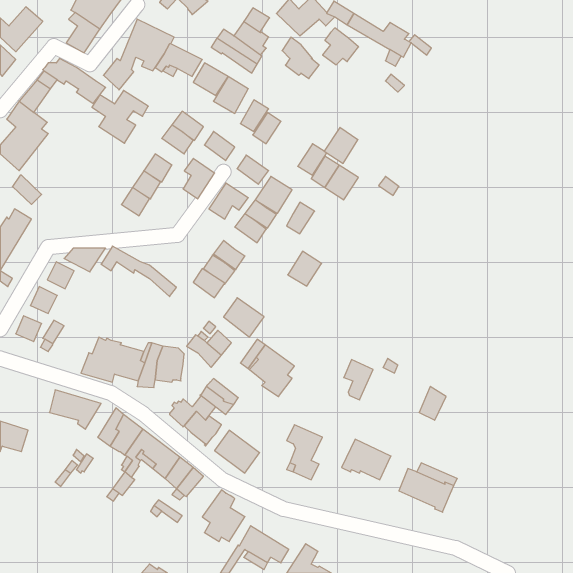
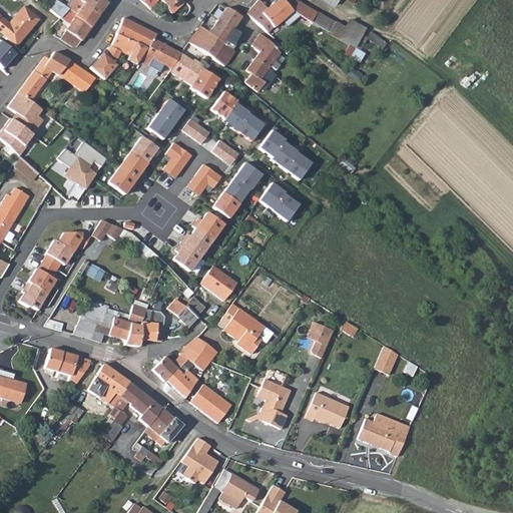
building: [323,28,359,65] -> [244,58,277,91]
building: [92,90,148,143] -> [57,142,107,189]
building: [324,127,358,163] -> [238,108,269,140]
building: [288,251,322,286] -> [270,188,300,219]

